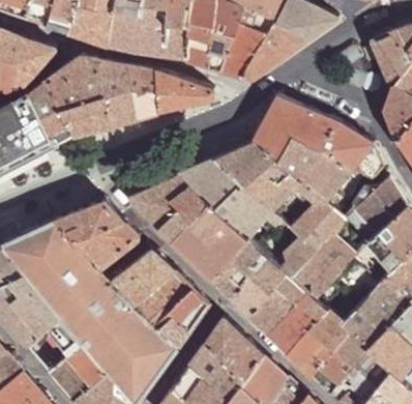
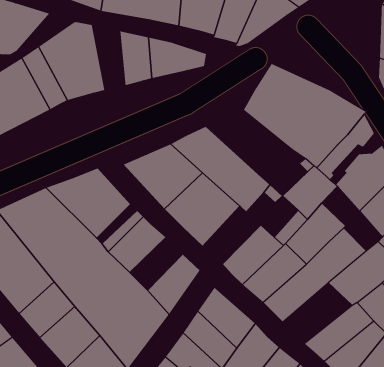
building: [101,59,134,124] -> none
building: [214,144,300,211] -> none
building: [211,240,269,298] -> none
building: [139,271,192,324] -> none
building: [291,317,360,378] -> none

